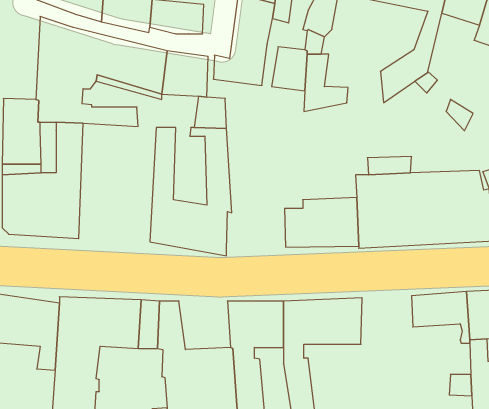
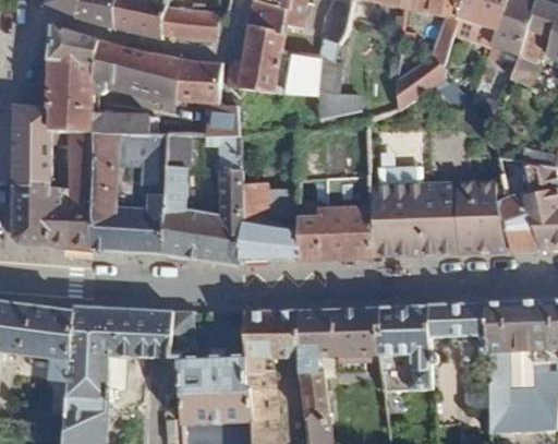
building: none -> [90,131,169,251]
building: none -> [240,181,300,259]
building: none -> [376,305,437,392]

